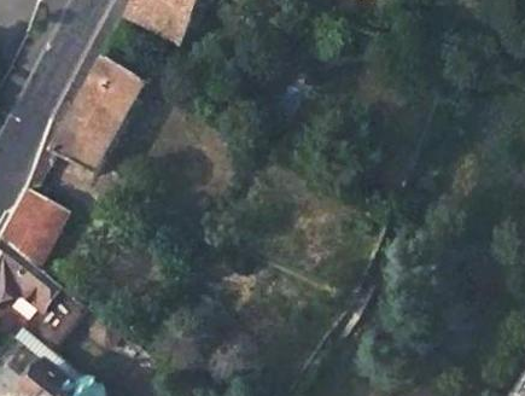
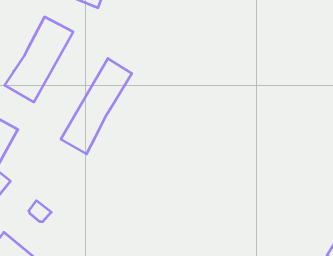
building: none -> [61,58,132,154]

